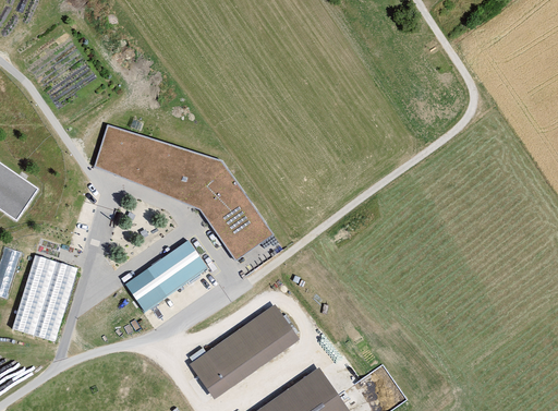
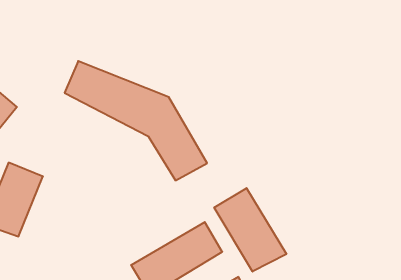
building: [123,239,206,312] -> none
building: none -> [214,188,286,272]

